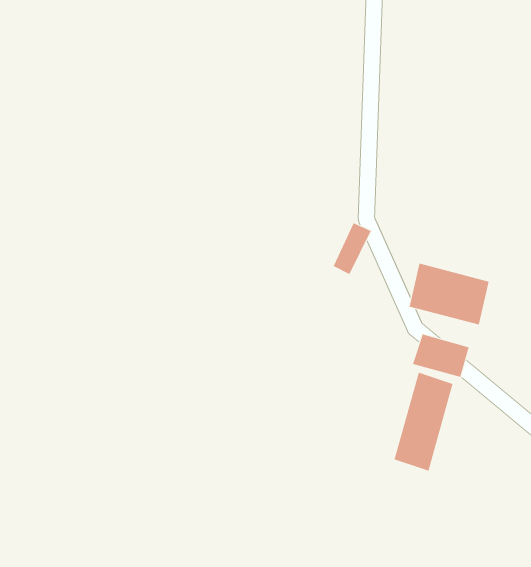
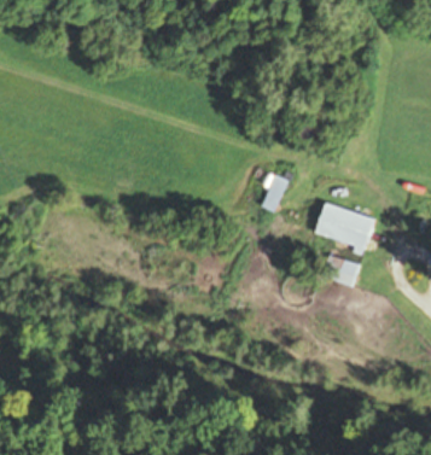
building: [394,372,453,471] -> none

